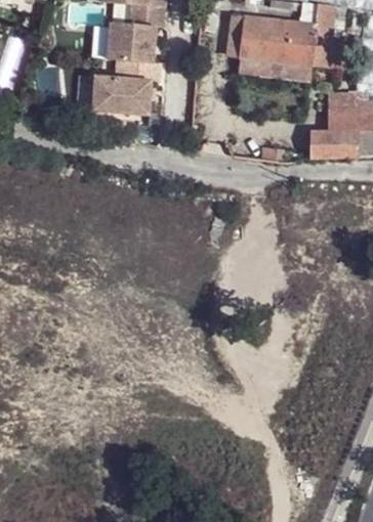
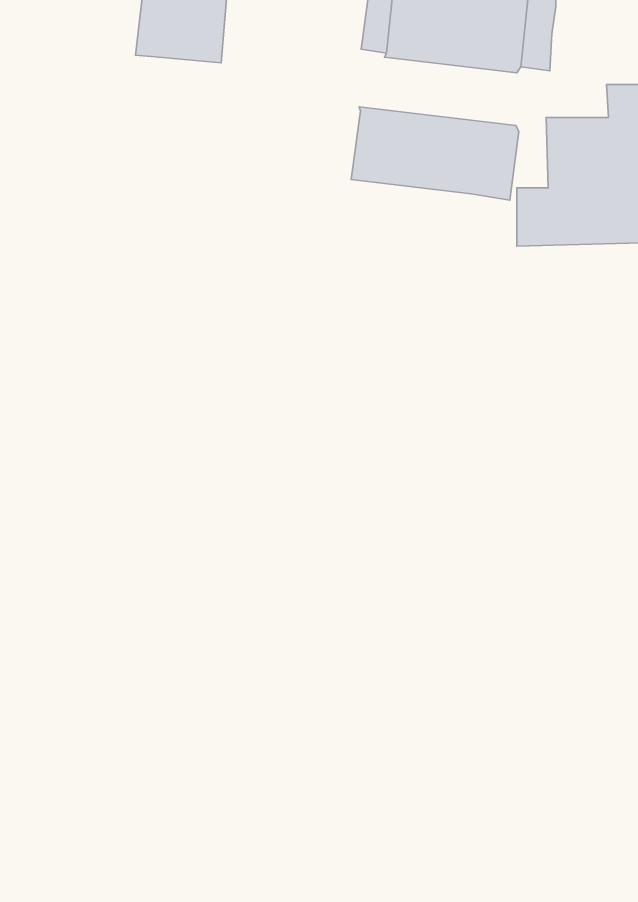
building: [93,60,160,114] -> none
building: none -> [351,107,519,200]

